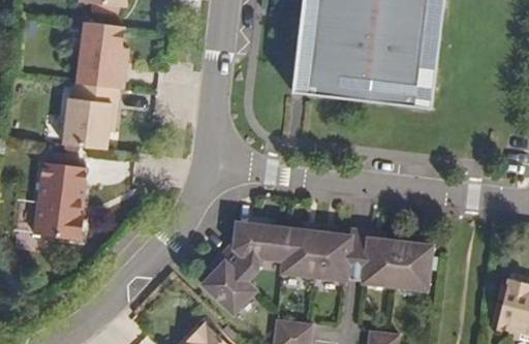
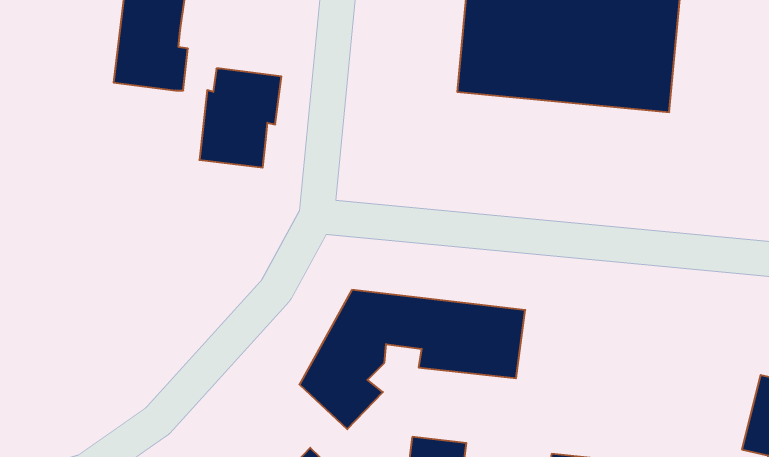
building: [63,84,118,150] -> [199,69,281,168]
building: [33,163,86,240] -> none
building: [362,238,432,291] -> none

